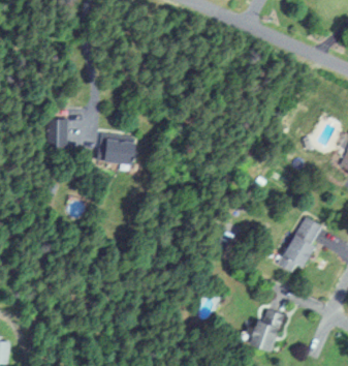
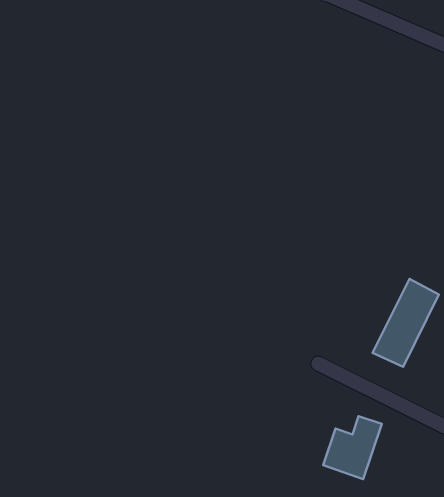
building: [50,118,69,146] -> none
building: [101,139,132,164] -> none

